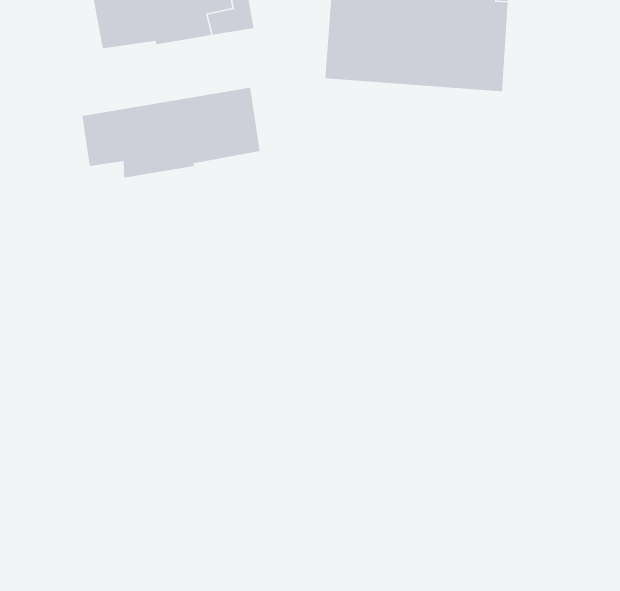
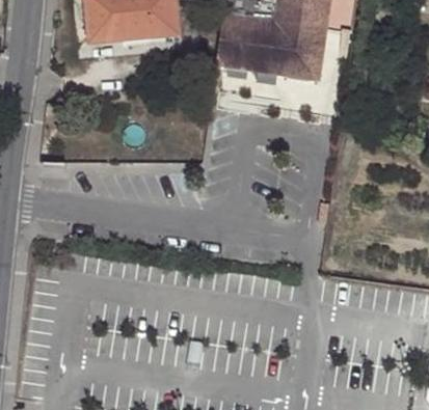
building: [82,87,261,178] -> none

